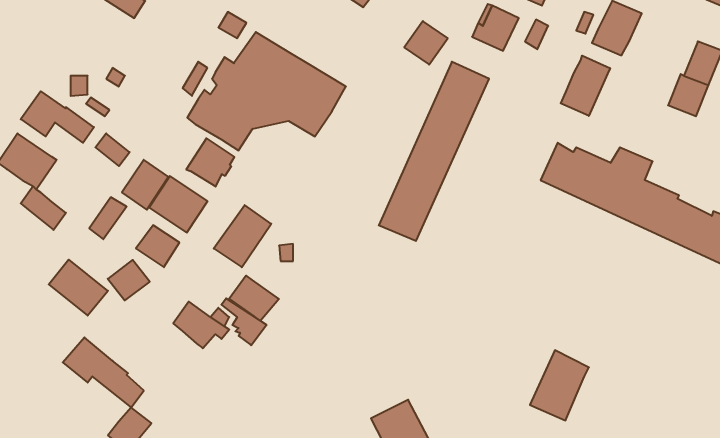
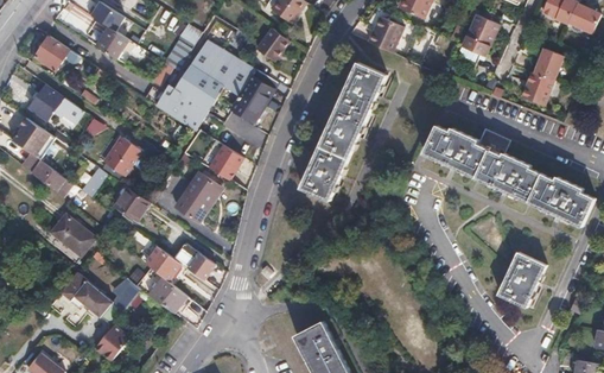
building: none -> [97,29,142,59]
building: [404,21,448,65] -> [255,25,288,58]
building: none -> [36,36,69,70]
building: [561,56,610,116] -> none
building: [186,138,234,187] -> [204,141,241,178]
building: [149,176,207,233] -> none
building: [108,260,150,300] -> [108,278,140,309]
building: [229,276,279,321] -> [150,278,187,312]
building: [530,350,589,420] -> [500,252,545,305]

